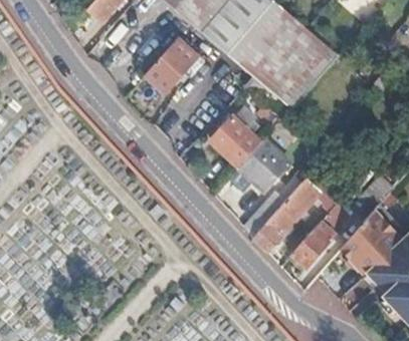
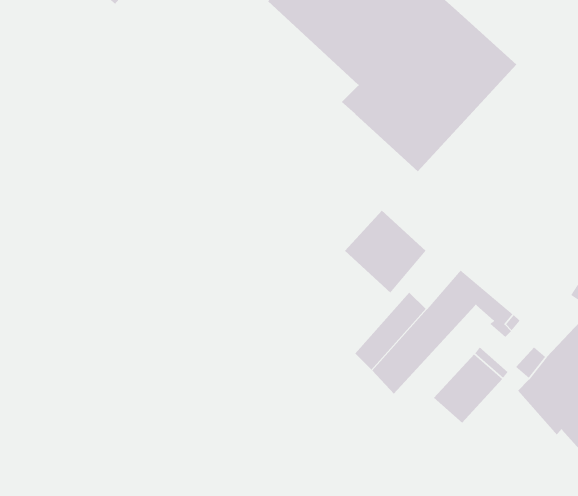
building: [146,38,196,90] -> none
building: [210,108,269,165] -> none

